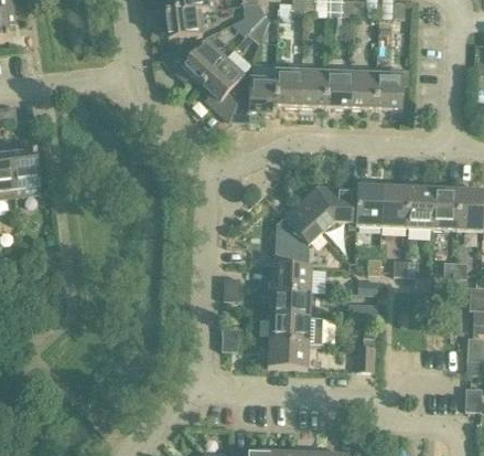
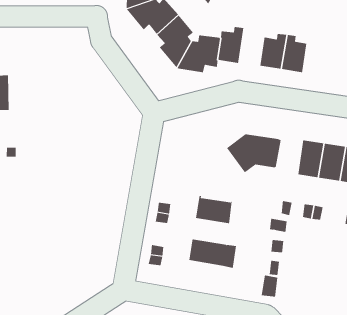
building: [301,63,326,105] -> none
building: [376,66,404,108] -> none
building: [356,183,385,225] -> none
building: [276,204,322,266] -> none
building: [270,289,312,316] -> none
building: [268,339,310,368] -> none

